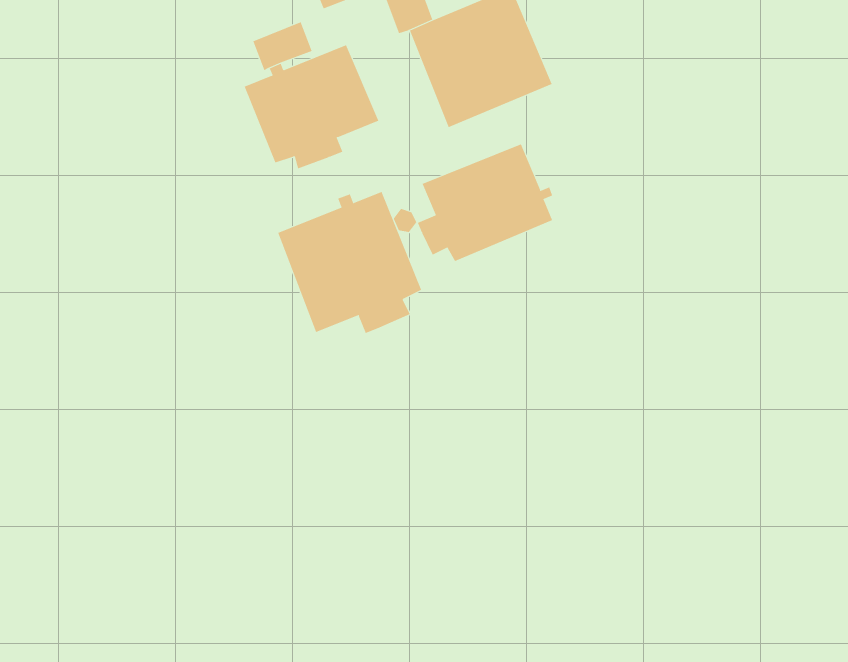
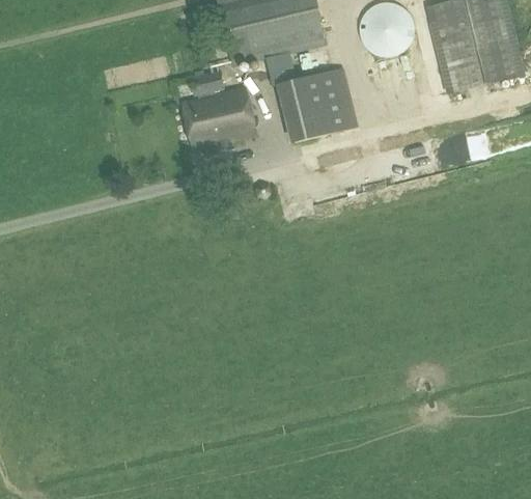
building: [417,143,553,262] -> none
building: [278,191,422,334] -> none

